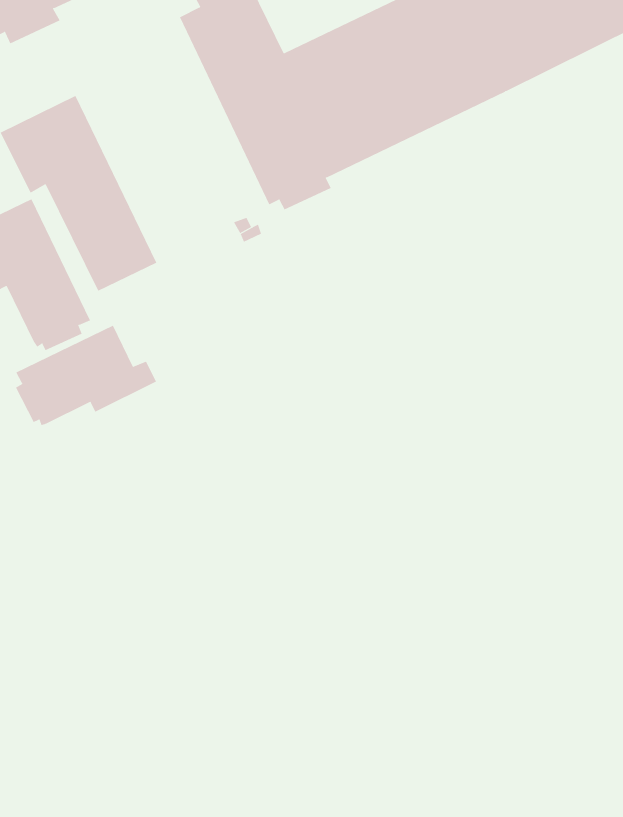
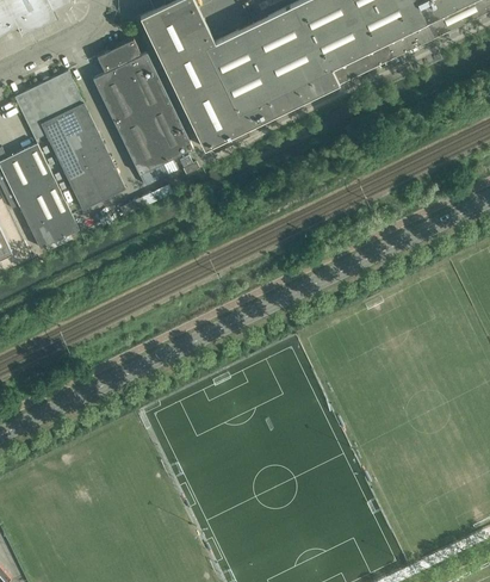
building: none -> [92,38,192,185]
building: [15,325,157,426] -> none

